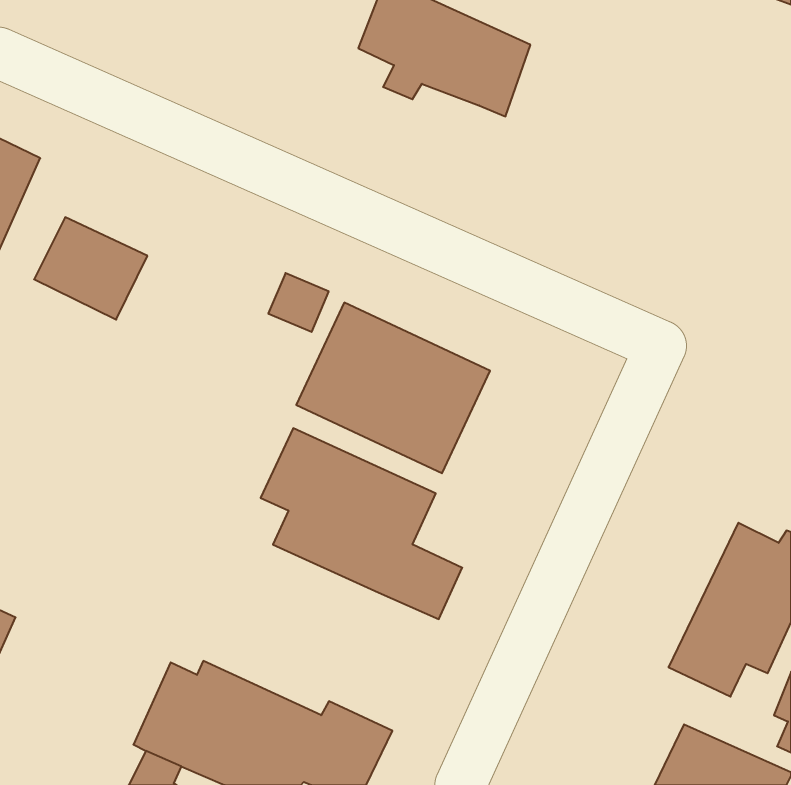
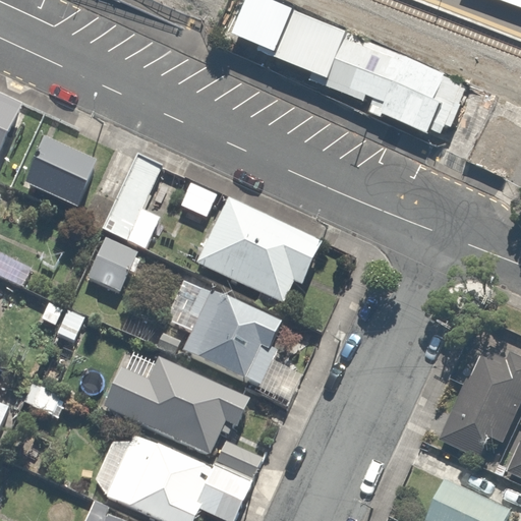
building: none -> [310,30,466,132]
building: none -> [83,157,165,292]
building: none -> [102,356,255,456]

